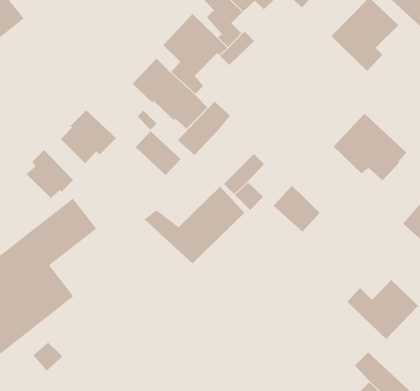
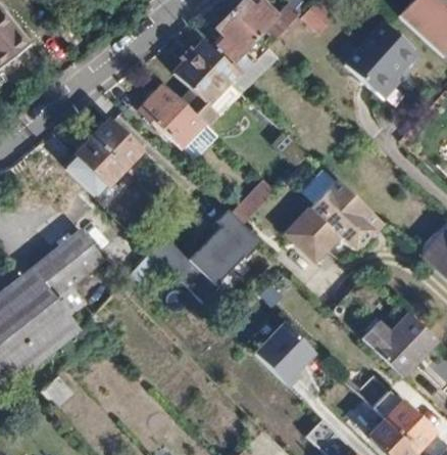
building: [177,101,231,156] -> none
building: [333,113,407,181] -> [305,180,382,251]
building: [135,130,181,176] -> [94,120,142,167]
building: [26,149,74,199] -> none
building: none -> [257,322,315,380]

